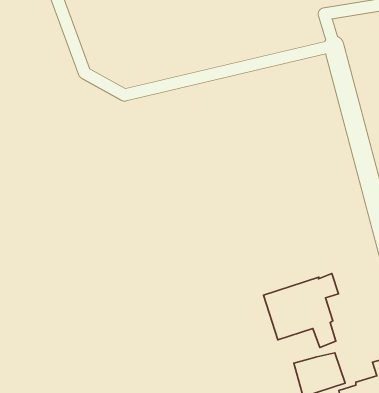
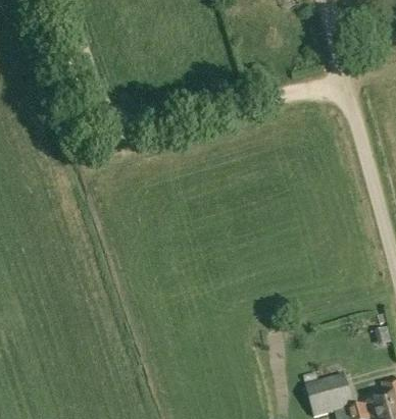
building: [263,273,338,347] -> none

